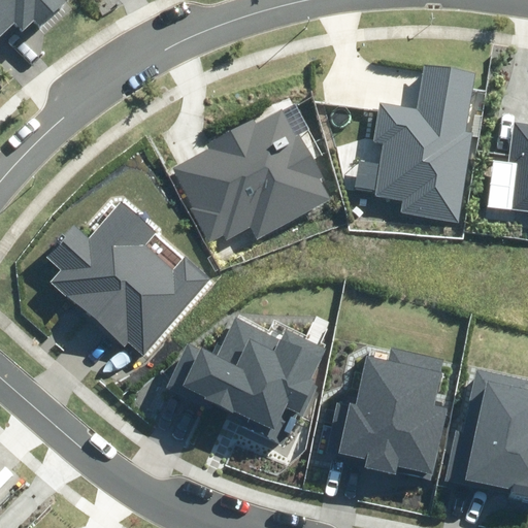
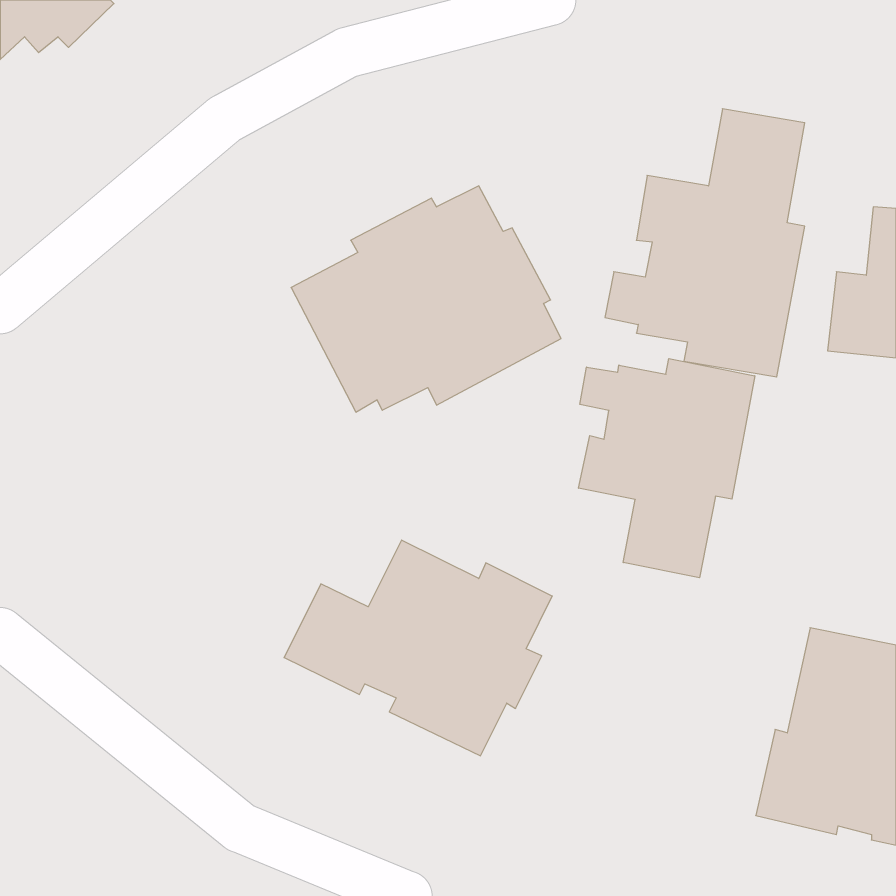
building: [47,200,210,356] -> none
building: none -> [579,359,755,578]
building: [328,349,449,480] -> none

